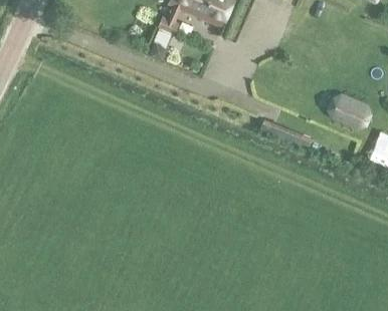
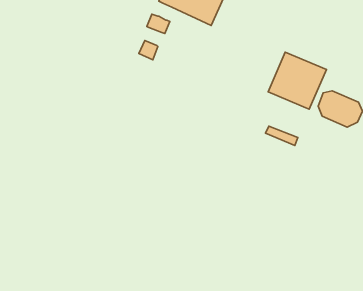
building: none -> [268,52,326,109]

